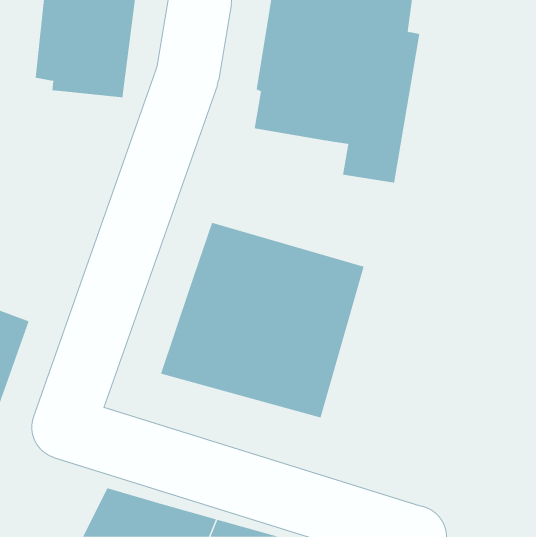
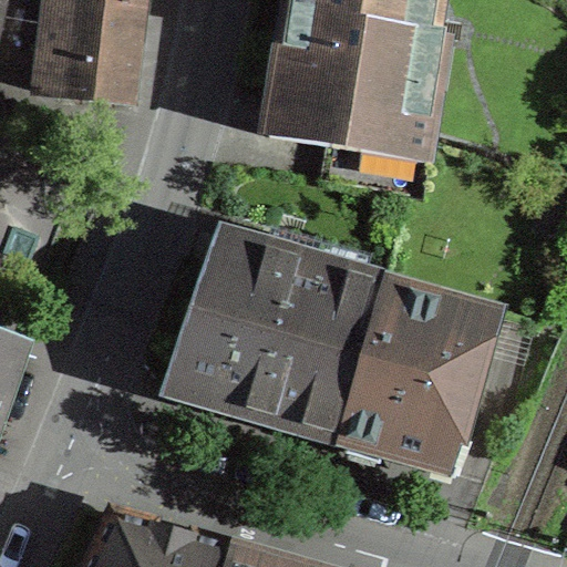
building: none -> [338,280,501,472]

